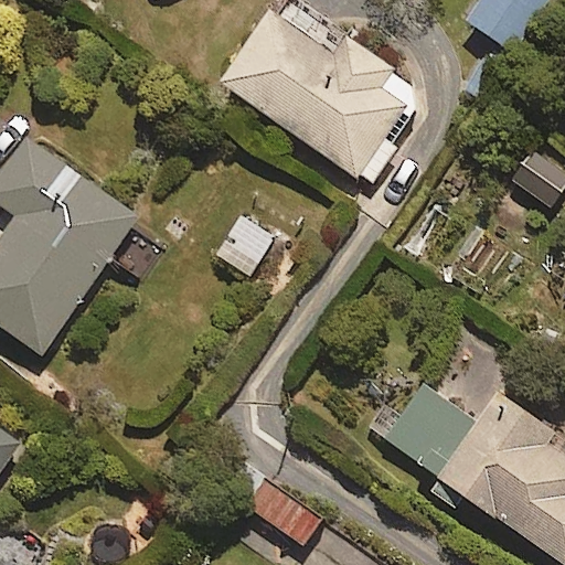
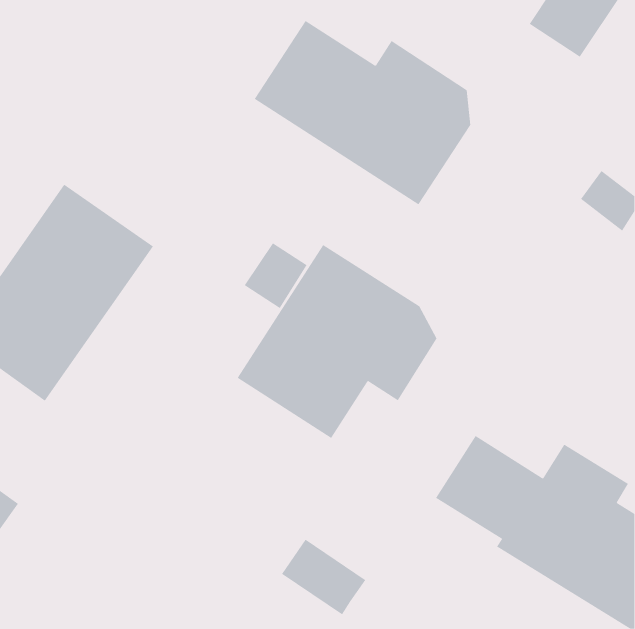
building: none -> [237,244,437,439]

